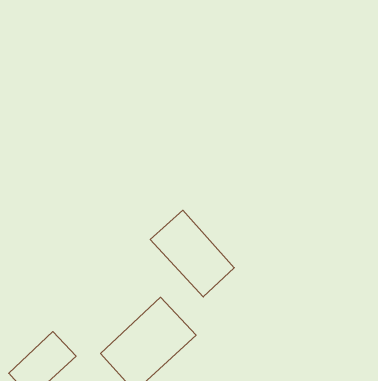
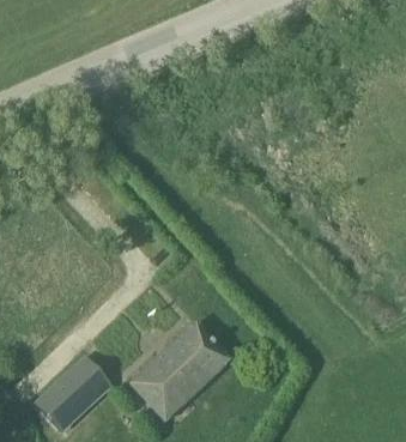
building: [150,210,234,297] -> none

